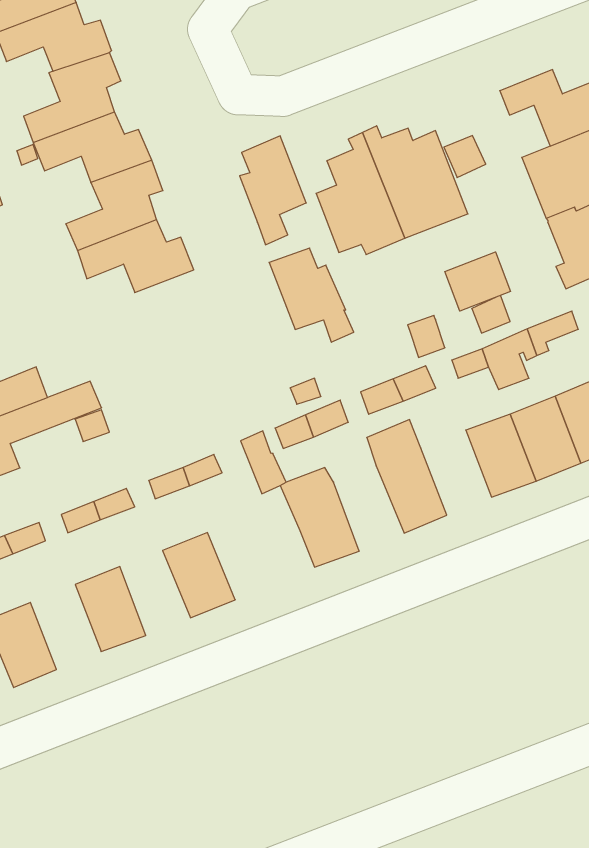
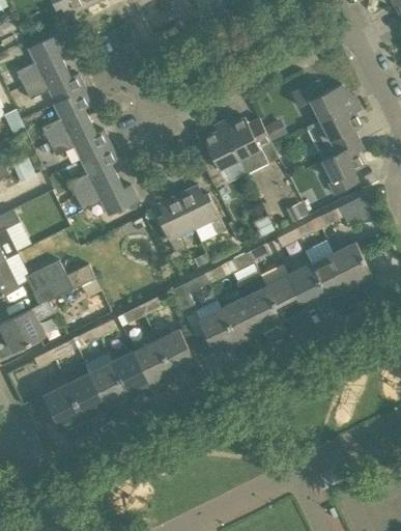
building: [240,136,306,245] -> [156,194,193,252]
building: [445,252,510,311] -> none
building: none -> [264,274,304,319]
building: none -> [220,297,259,342]
building: none -> [155,328,195,373]
building: none -> [111,351,150,396]
building: none -> [65,372,105,418]

